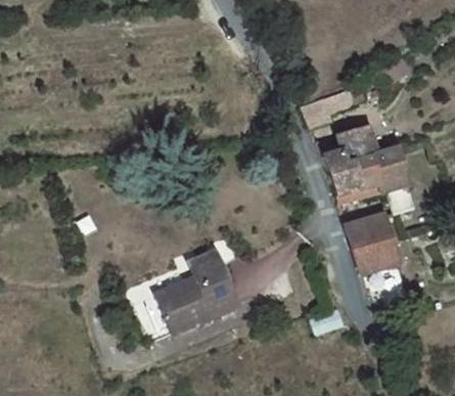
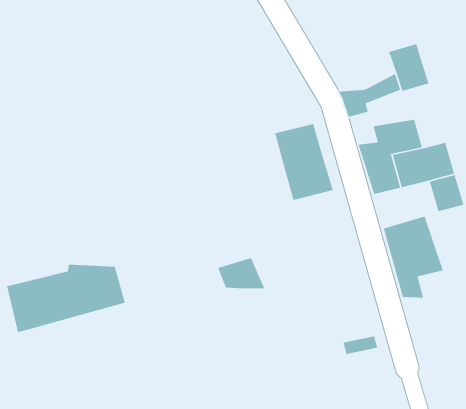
building: none -> [388,43,429,92]
building: none -> [274,123,334,201]
building: [129,278,235,340] -> [6,264,126,333]

